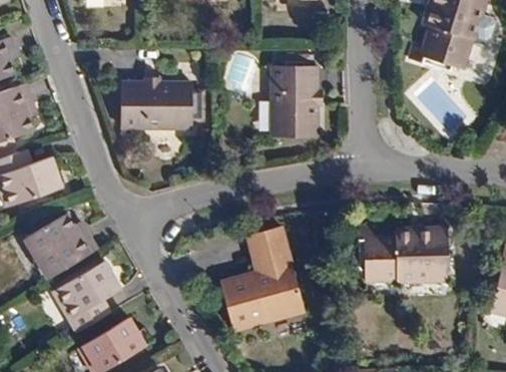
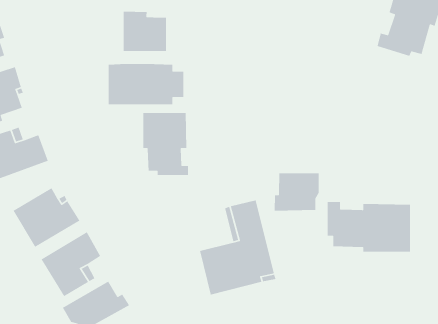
building: none -> [123,11,167,52]
building: [275,55,319,137] -> none
building: none -> [143,112,189,176]
building: none -> [274,173,320,212]

